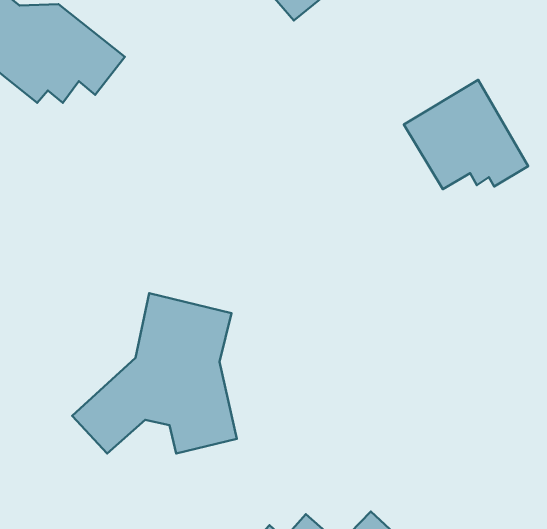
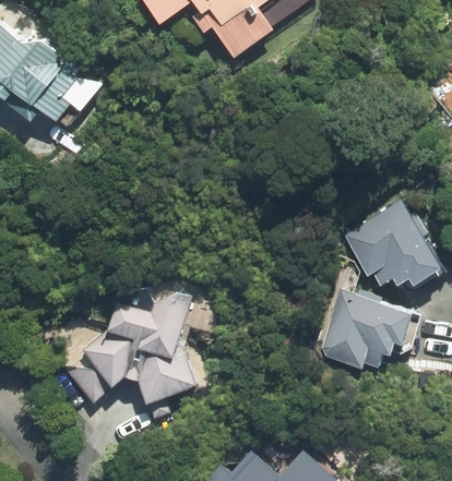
building: [404,80,528,189] -> [341,200,441,288]
building: none -> [320,292,416,372]

